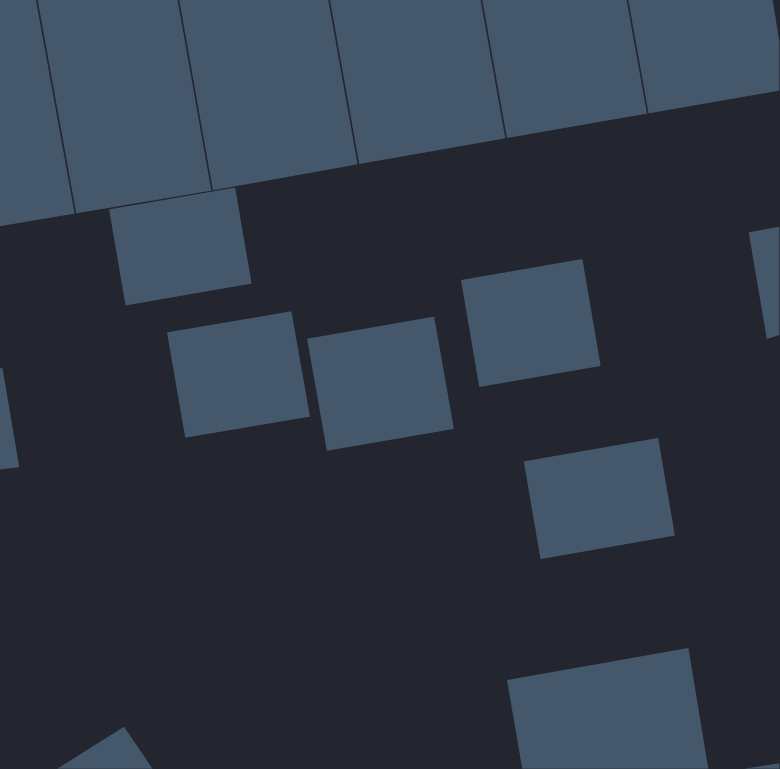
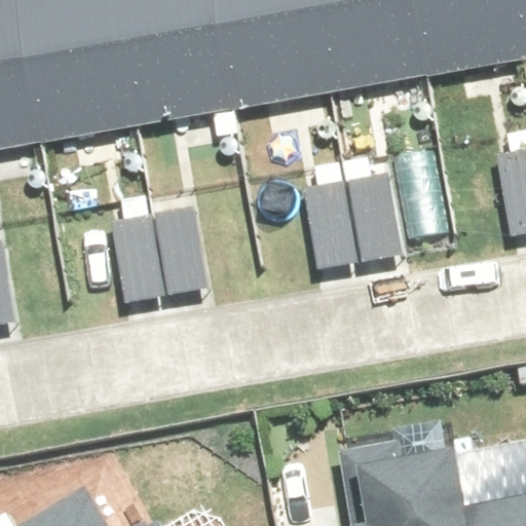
building: [109,187,252,306] -> none
building: [307,316,454,452] -> none
building: [523,437,675,560] -> none

